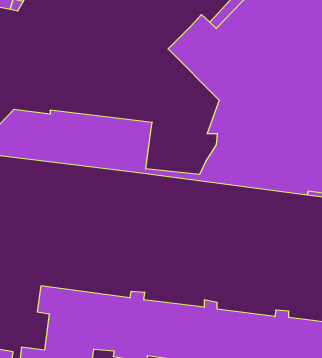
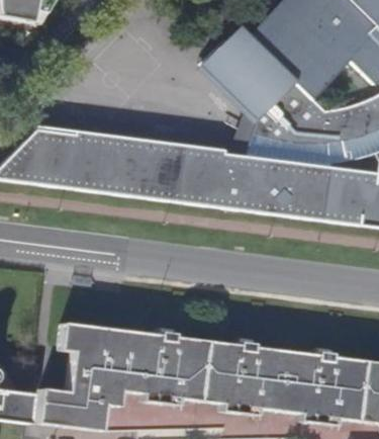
building: none -> [182,149,260,201]

